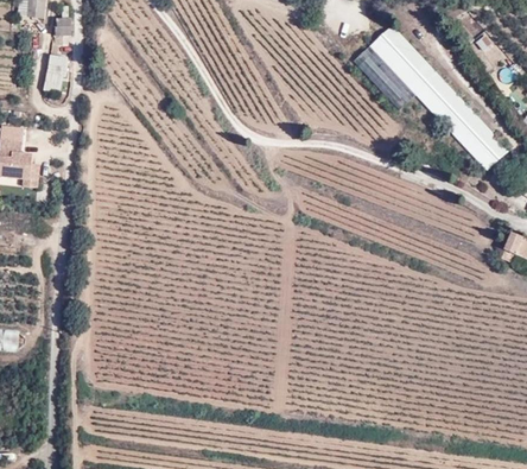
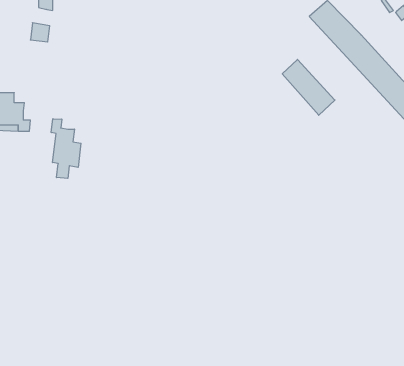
building: [353,45,414,110] -> [282,59,335,115]
building: none -> [51,119,81,178]

